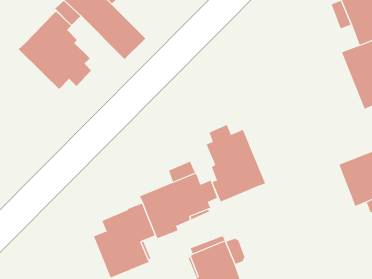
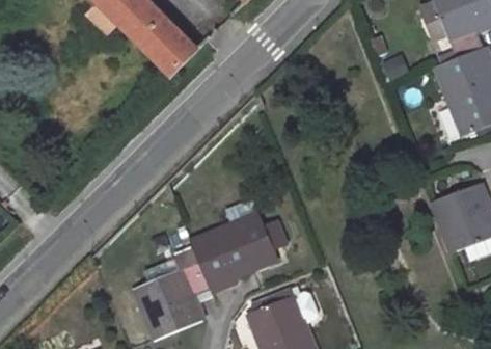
building: [18,11,92,90] -> none
building: [206,124,266,202] -> none

